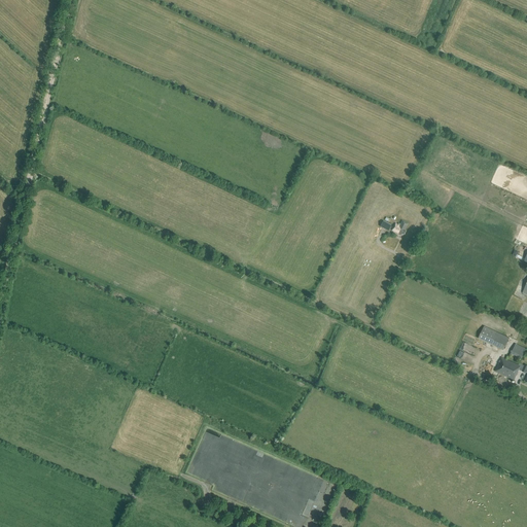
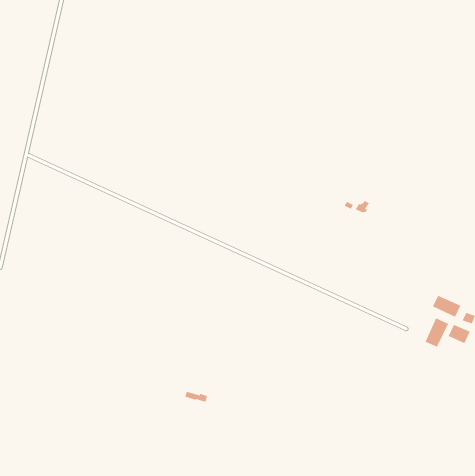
building: none -> [425,318,449,347]

